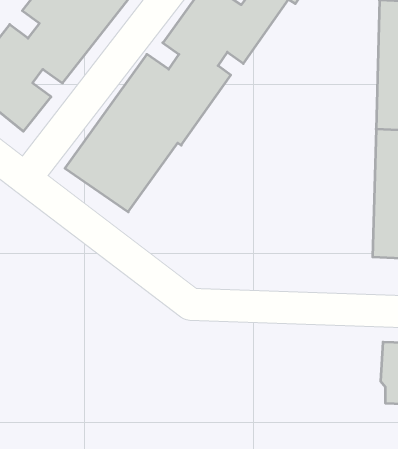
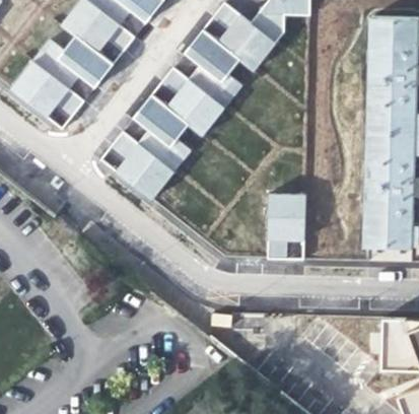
building: none -> [266,193,304,259]

